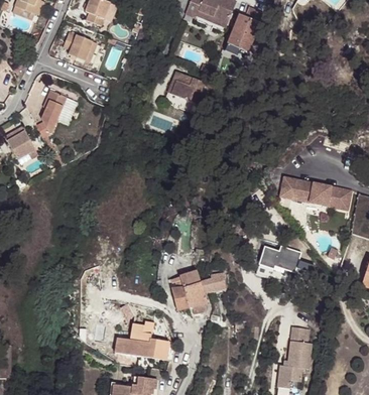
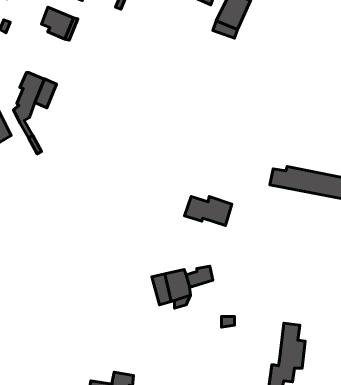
building: [166,69,199,101] -> none
building: [257,246,301,273] -> [185,197,232,226]
building: [110,316,165,357] -> none

